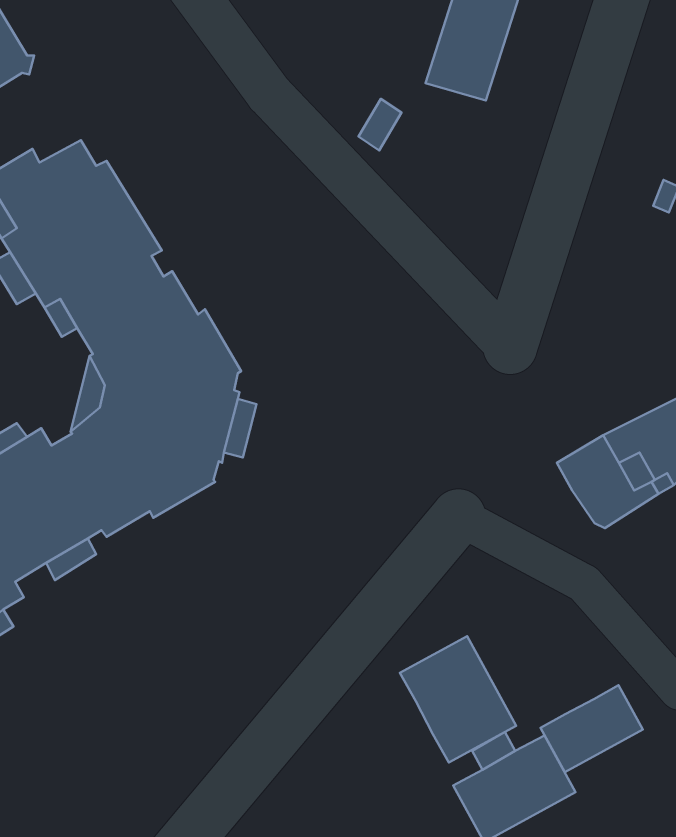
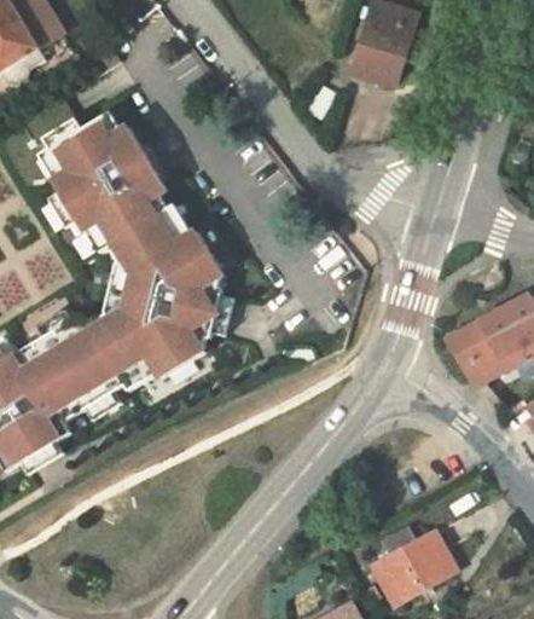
building: [400,636,516,763] -> none
building: [541,685,643,772] -> none

